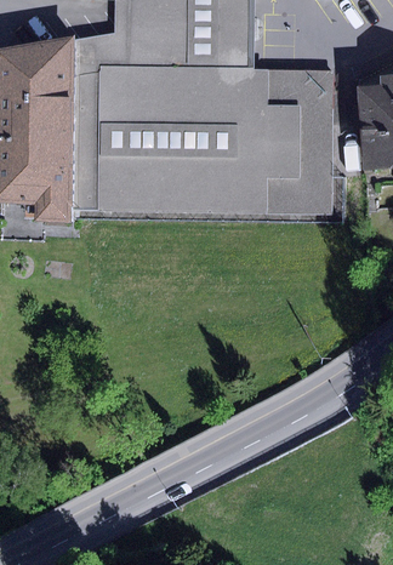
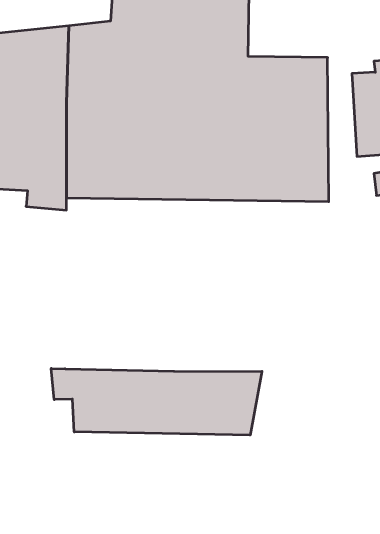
building: none -> [51,368,262,435]

